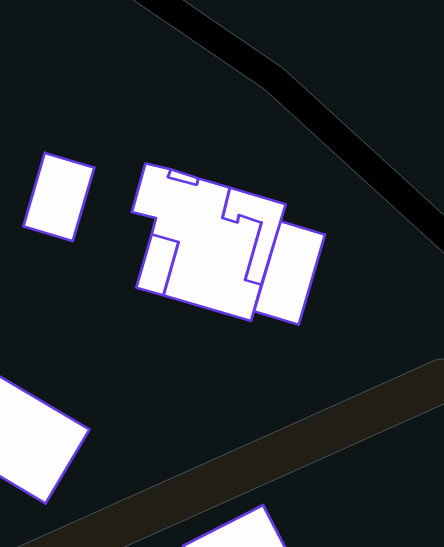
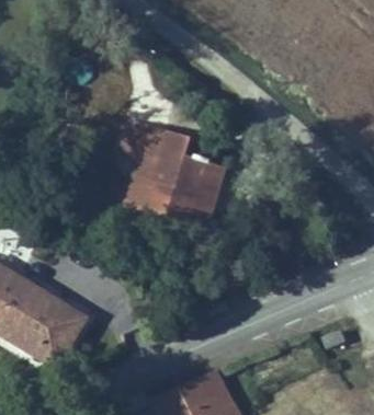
building: [23,153,94,241] -> none
building: [254,221,325,325] -> none

